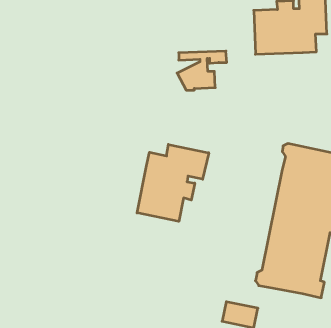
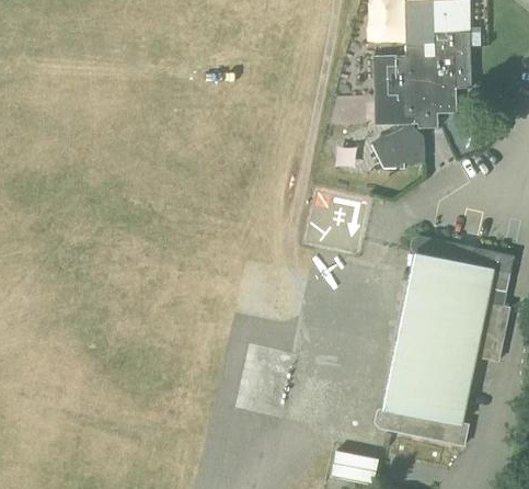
building: [177,51,227,90] -> [371,113,438,166]
building: [137,144,209,221] -> none

